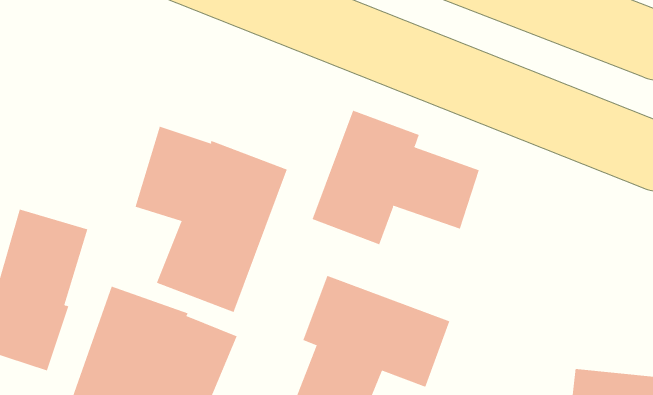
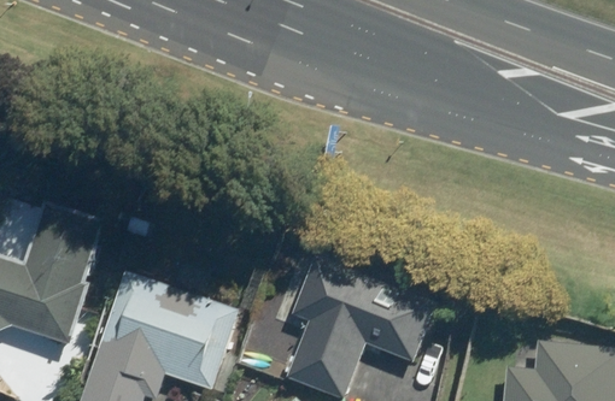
building: [312,110,479,245] -> none
building: [135,126,287,313] -> none

